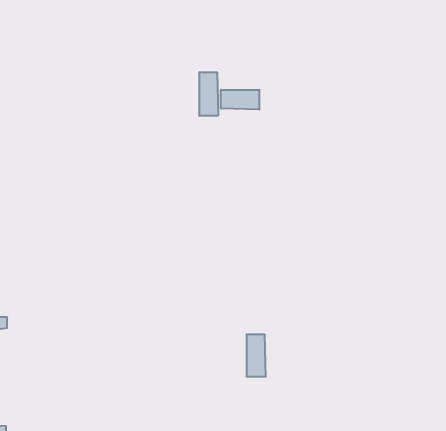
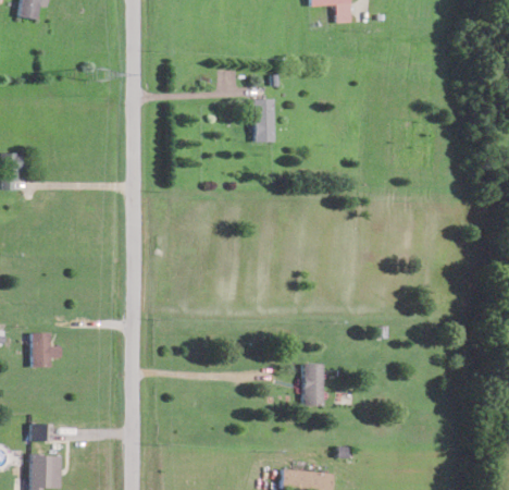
building: [221,90,259,110] -> none

